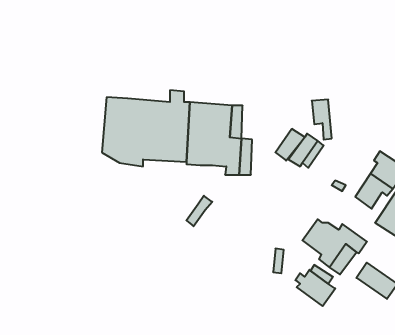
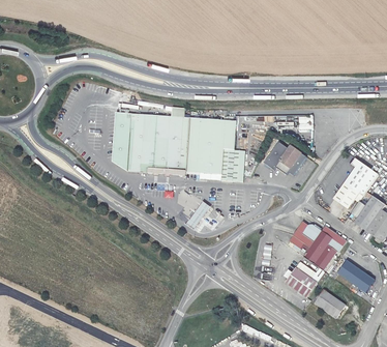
building: none -> [314,289,345,318]

